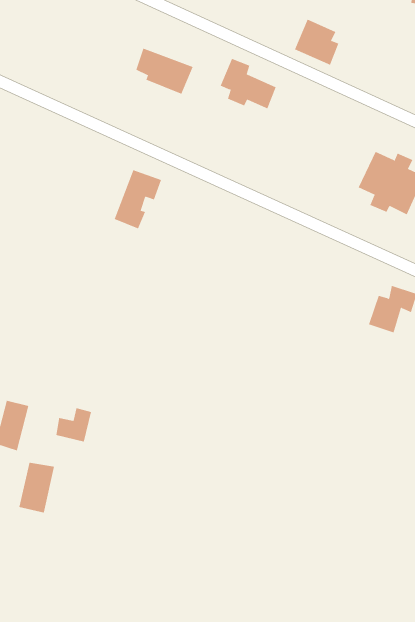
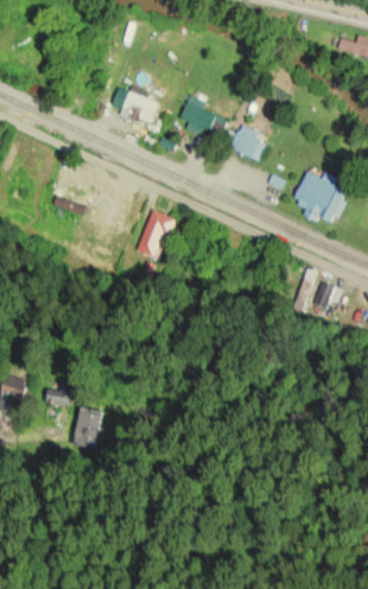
building: [294,19,339,65] -> [229,123,266,161]
building: [114,170,162,229] -> [137,210,176,258]
building: [18,462,55,513] -> [74,406,103,448]

